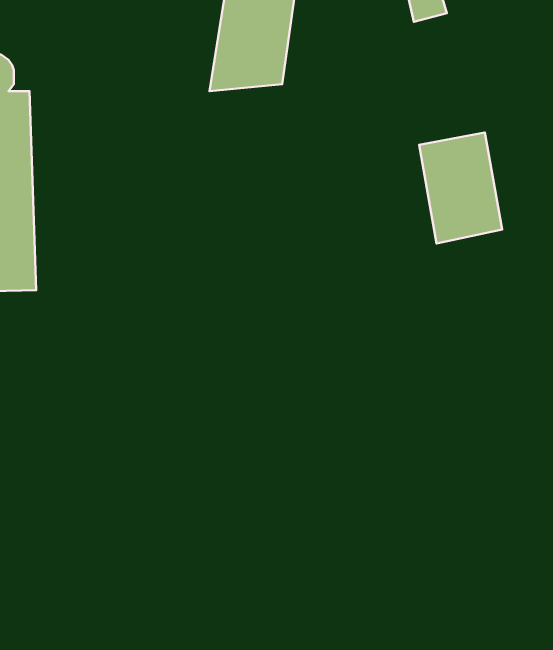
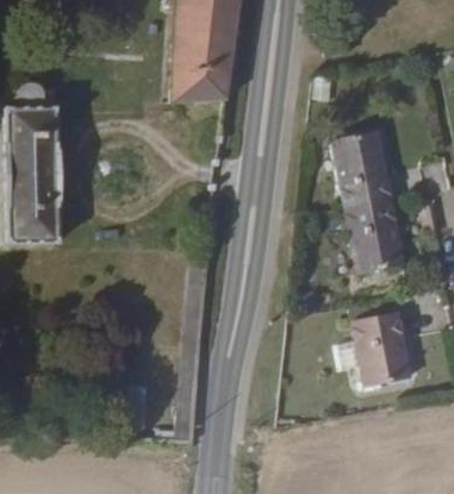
building: none -> [341,198,397,268]
building: none -> [346,309,404,383]

